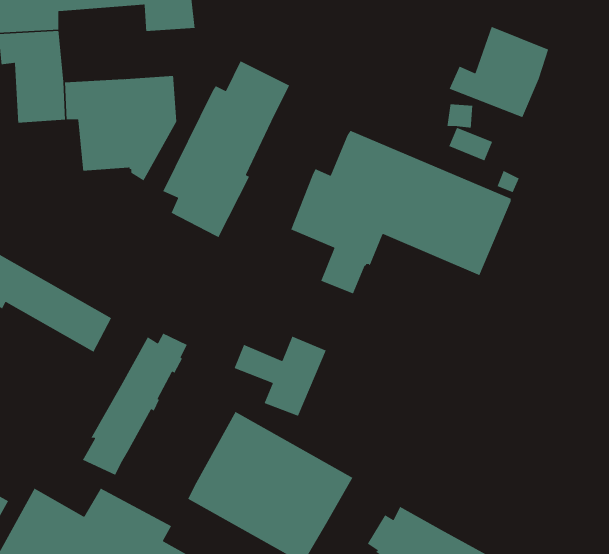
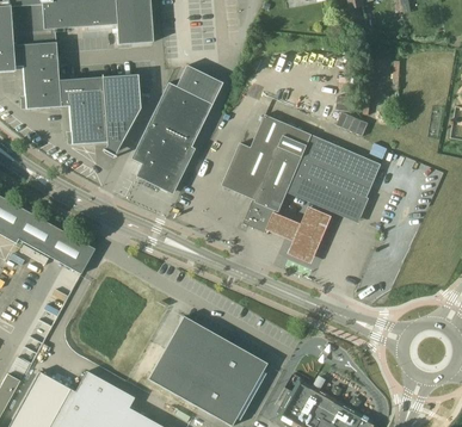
building: [449,26,549,118] -> none
building: [82,333,188,476] -> none
building: [234,335,327,417] -> [265,205,332,264]

